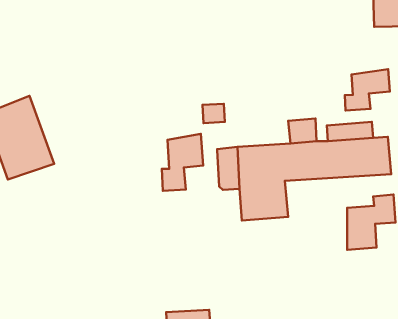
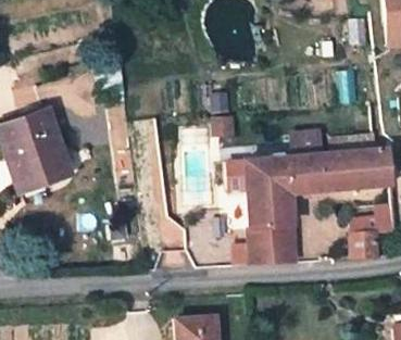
building: [345,69,390,111] -> none
building: [162,134,203,191] -> none
building: none -> [248,227,295,265]

